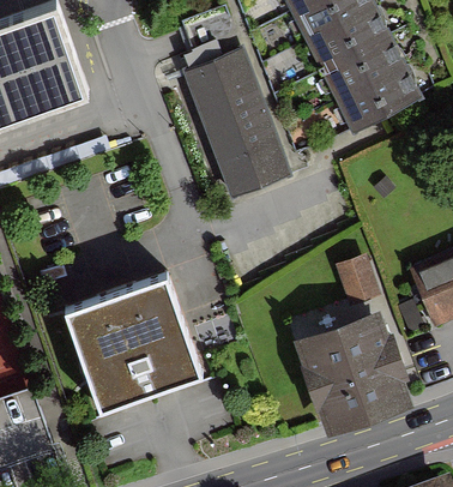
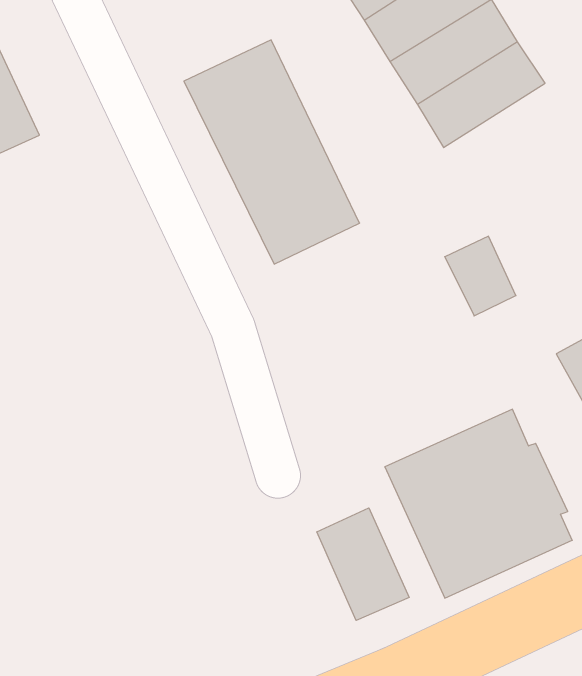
building: [336,252,380,303] -> [445,236,516,316]
building: [59,267,207,419] -> none
building: none -> [317,508,409,620]

